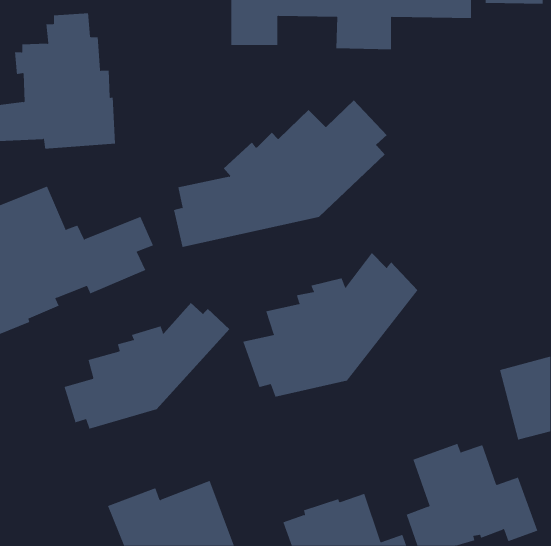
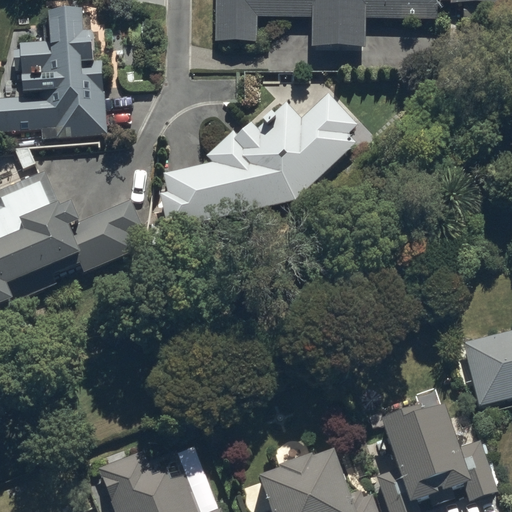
building: [242,252,418,397] -> none
building: [64,302,230,430] -> none

